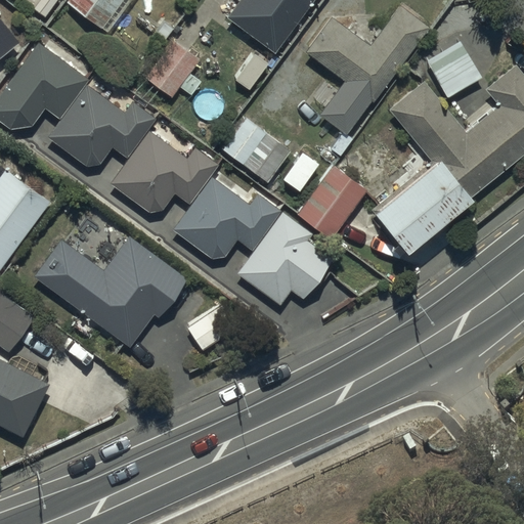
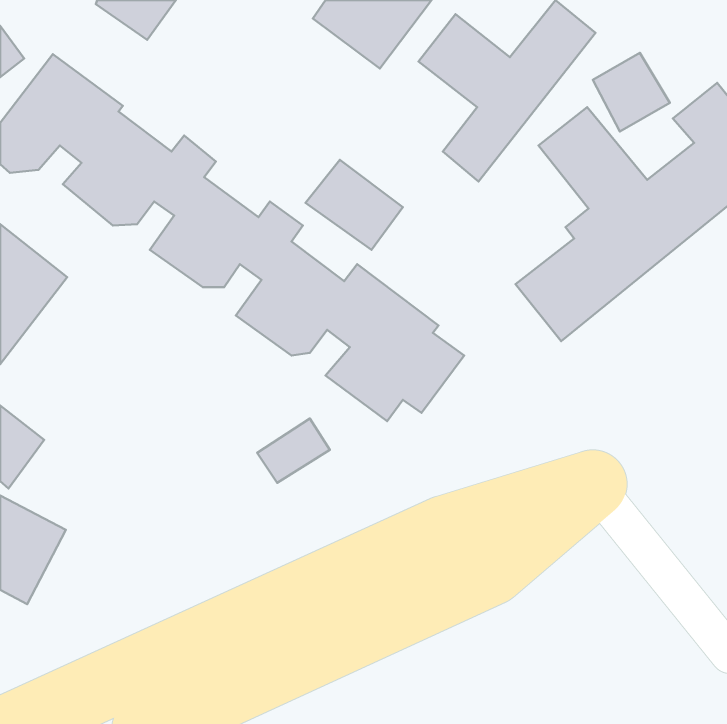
building: [145,42,201,97] -> none
building: [297,166,366,241] -> none
building: [34,235,186,347] -> none

